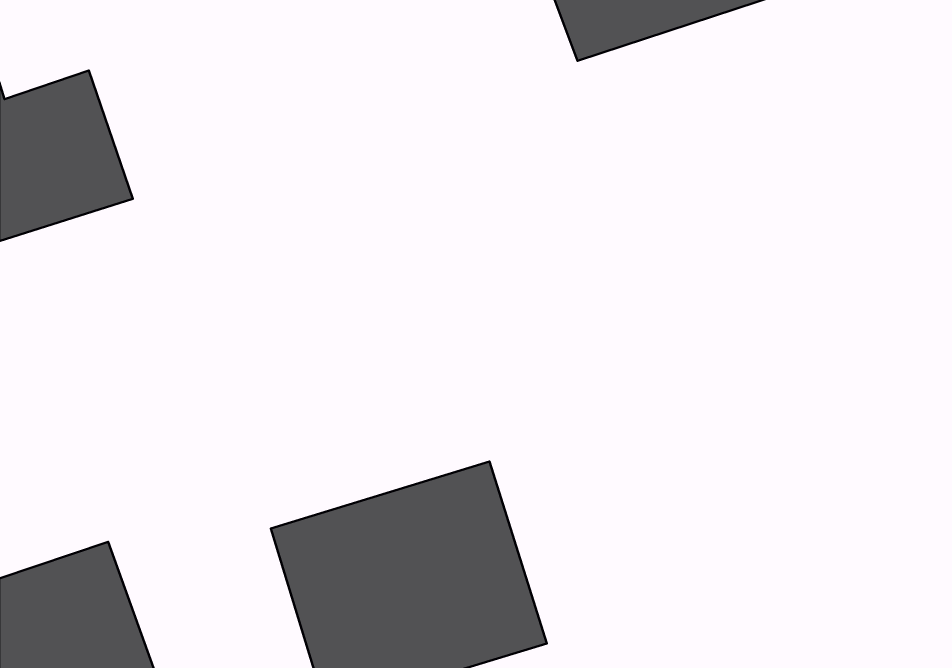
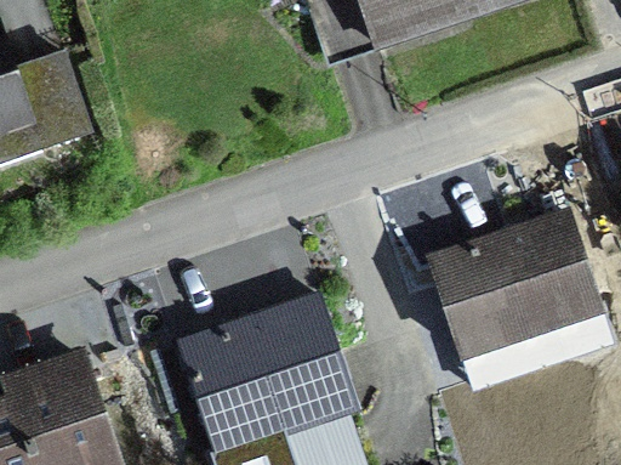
building: none -> [429,212,603,358]

